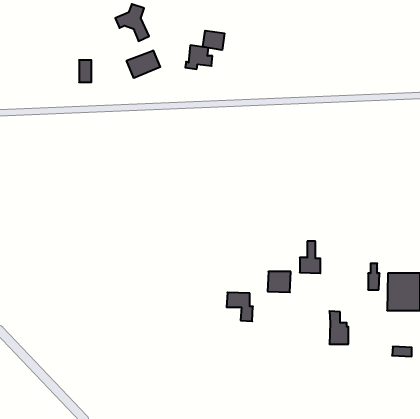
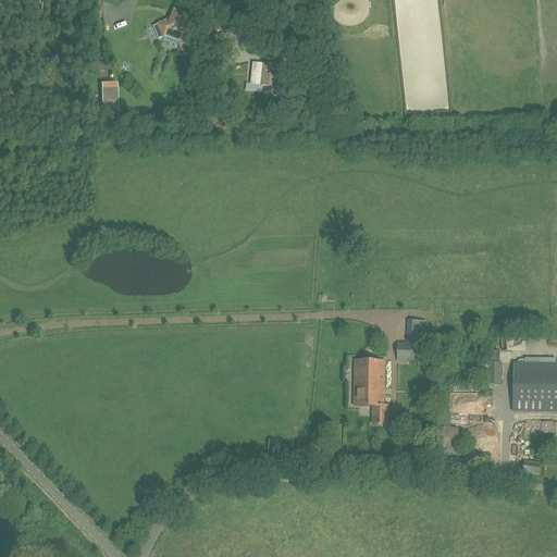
building: [203,31,224,50] -> none
building: [127,50,160,78] -> none
building: [227,292,253,321] -> [352,385,387,423]

